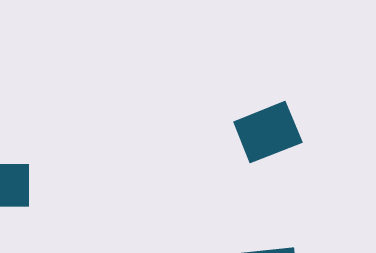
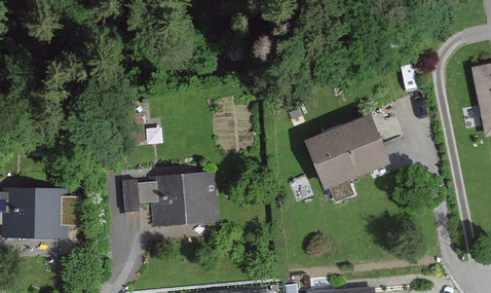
building: none -> [123,174,210,227]

